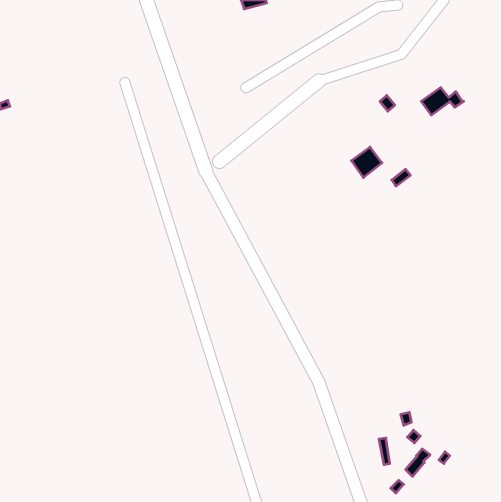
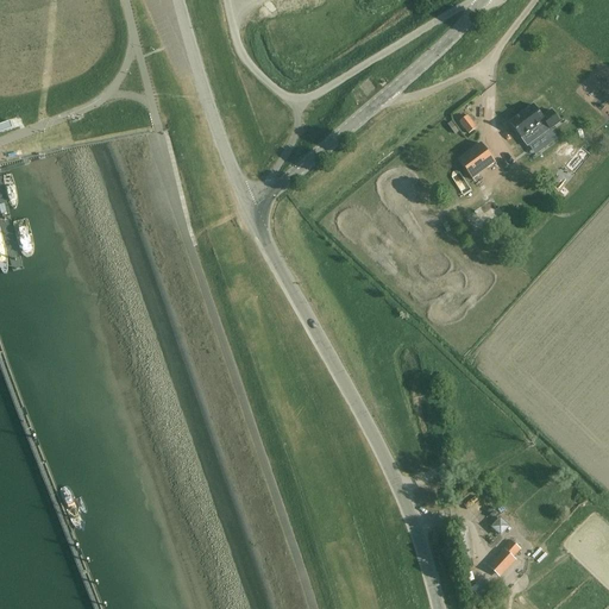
building: [351,147,382,178] -> [460,145,497,182]

